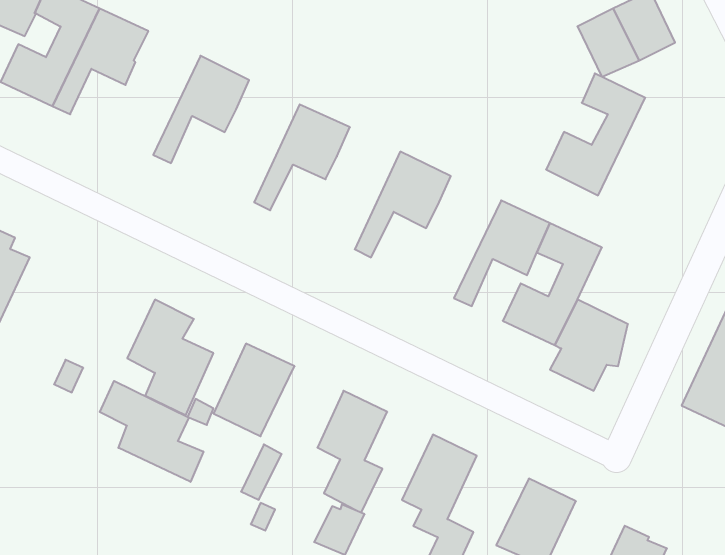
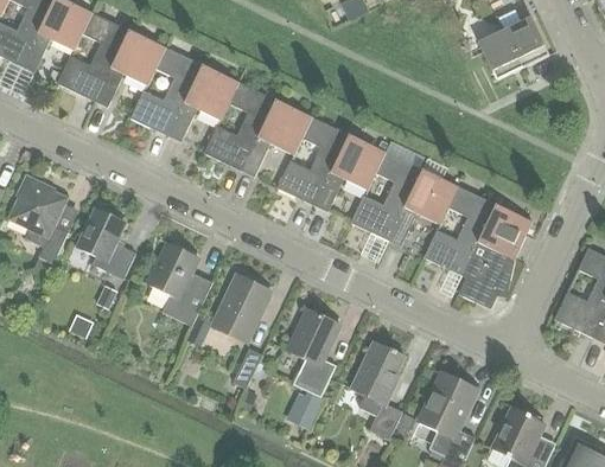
building: none -> [130,46,203,136]
building: [546,73,645,195] -> [350,152,422,241]
building: none -> [204,82,275,171]
building: none -> [278,116,349,205]
building: none -> [478,204,533,260]
building: none -> [78,207,135,279]
building: [100,381,203,482] -> none

